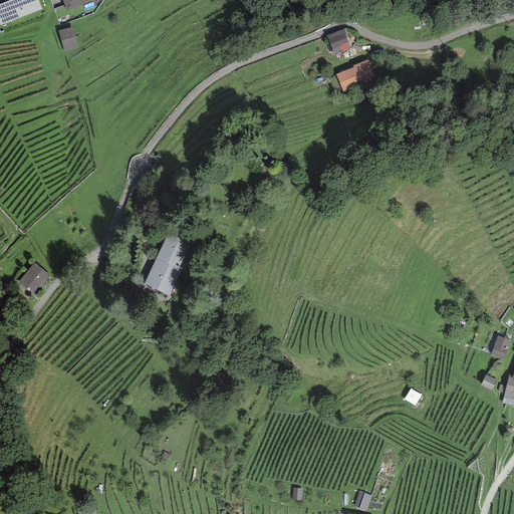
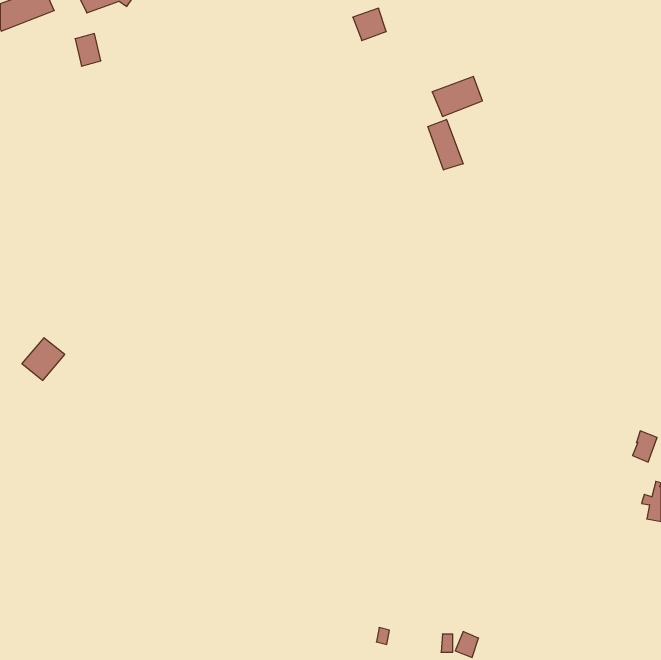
building: [326,27,352,52] -> [353,8,386,41]
building: none -> [428,119,463,170]
building: [144,233,189,295] -> none

